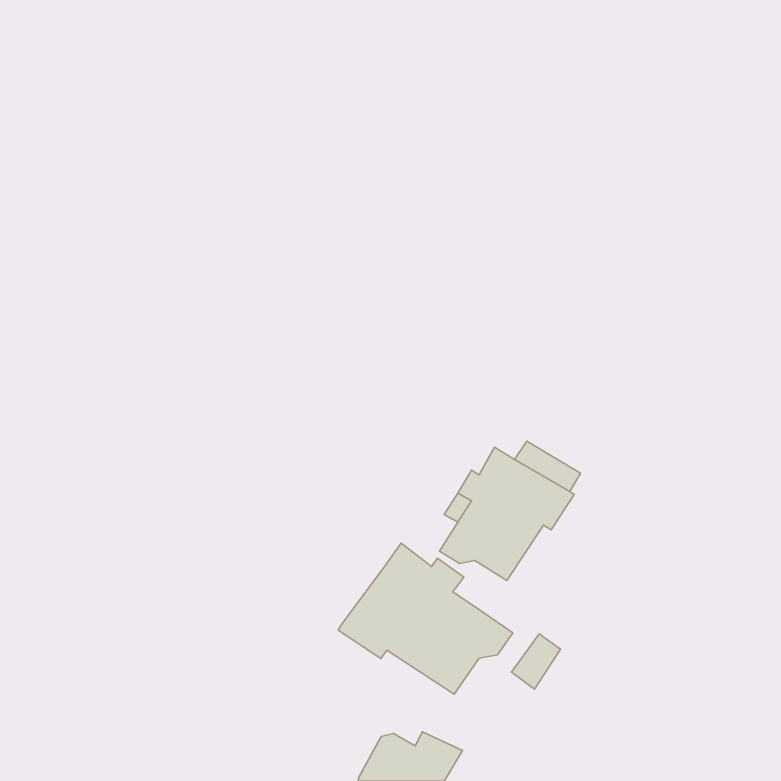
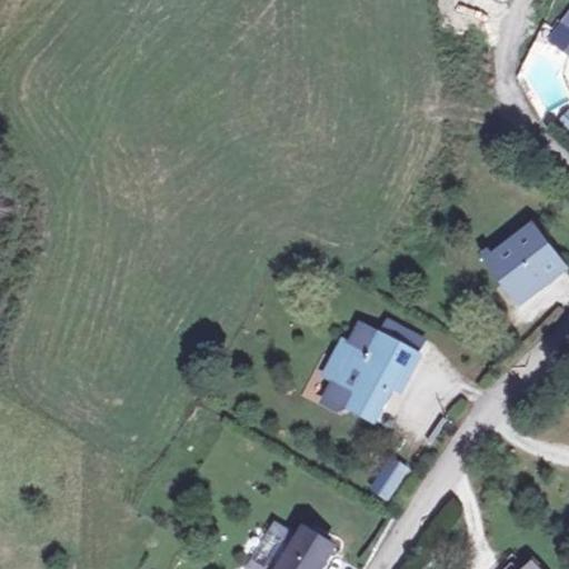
building: none -> [482,232,560,299]
building: [338,543,513,694] -> none

